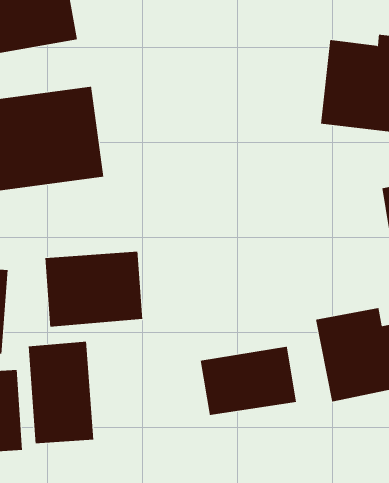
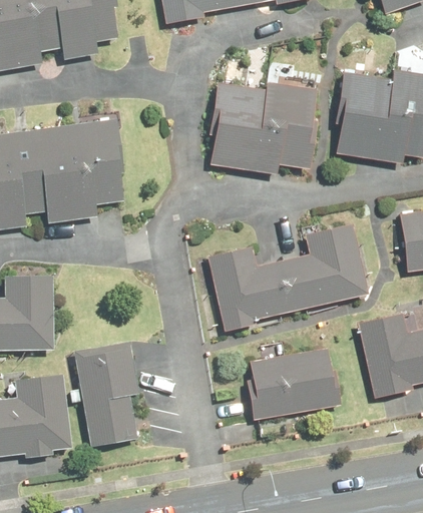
building: none -> [213,68,325,164]
building: none -> [206,211,373,328]
building: [45,251,143,328] -> none

